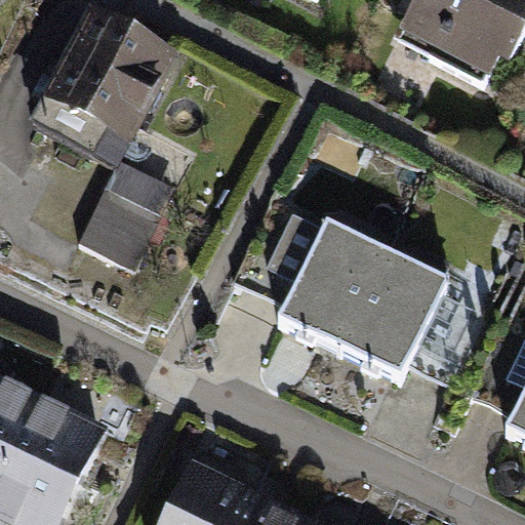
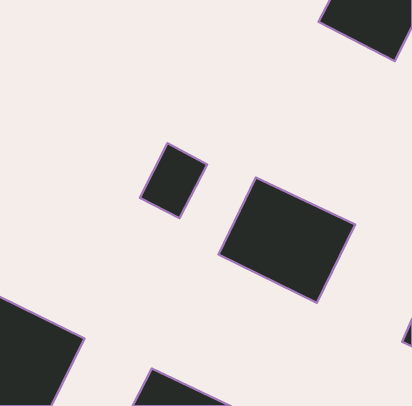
building: [46,13,173,143] -> none
building: [79,169,164,264] -> [140,143,207,218]

